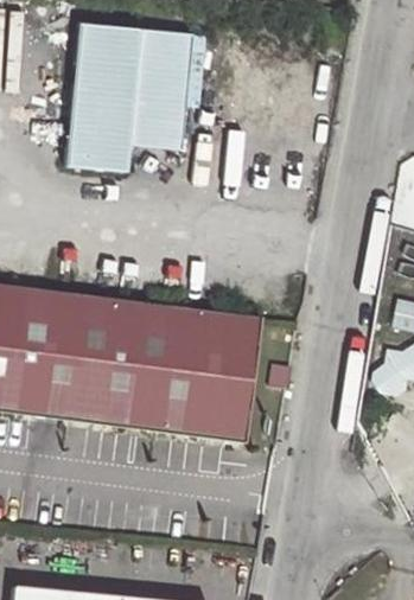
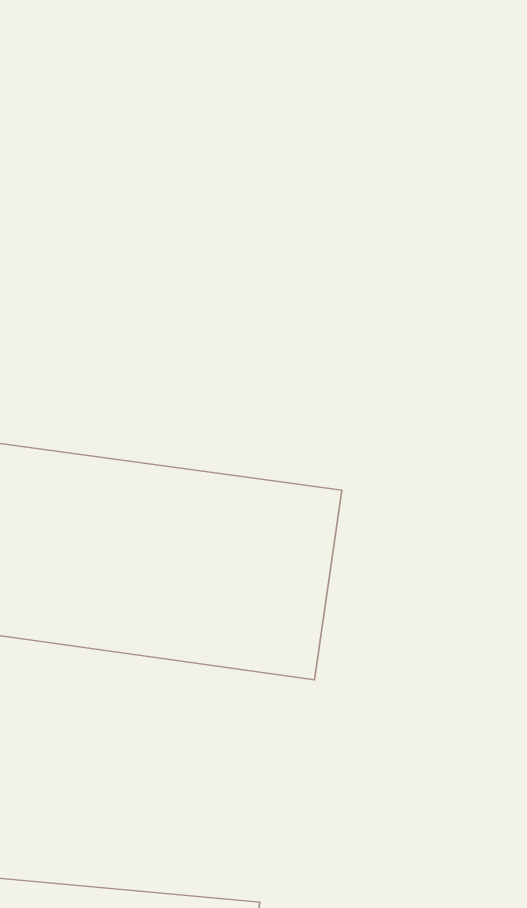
building: [68,24,195,168] -> none

